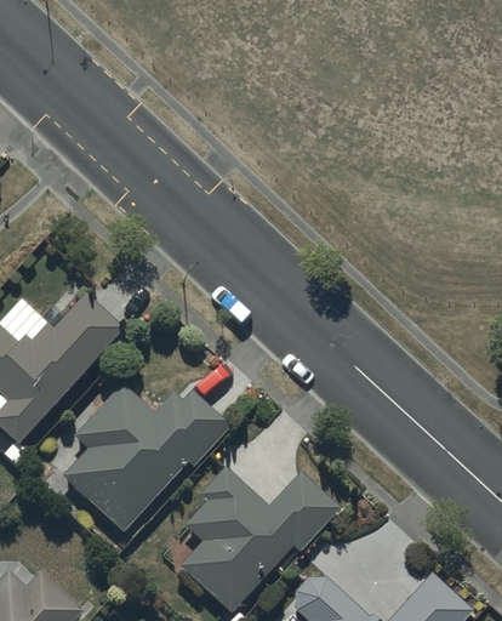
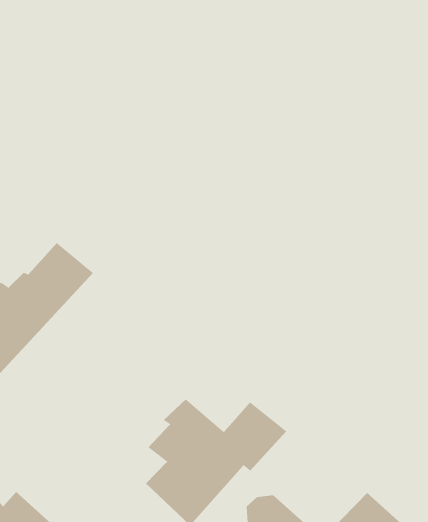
building: [63,386,229,530] -> none

